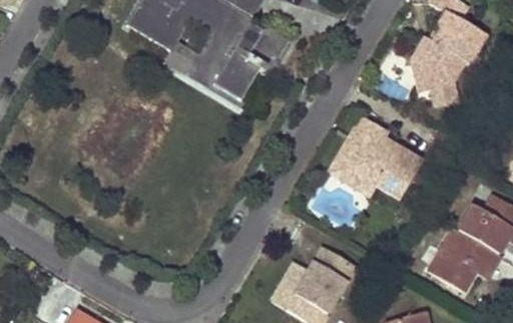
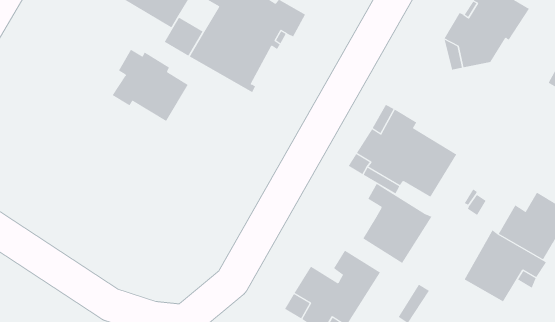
building: none -> [112,49,189,122]
building: none -> [363,183,432,264]

